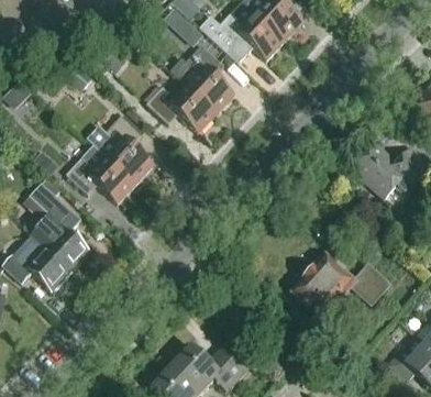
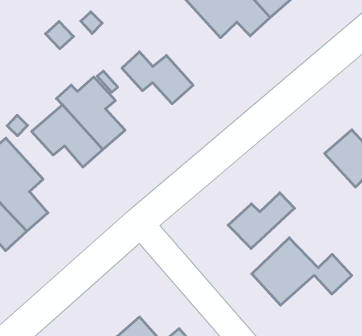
building: [186,44,236,113] -> none
building: none -> [228,193,295,249]

